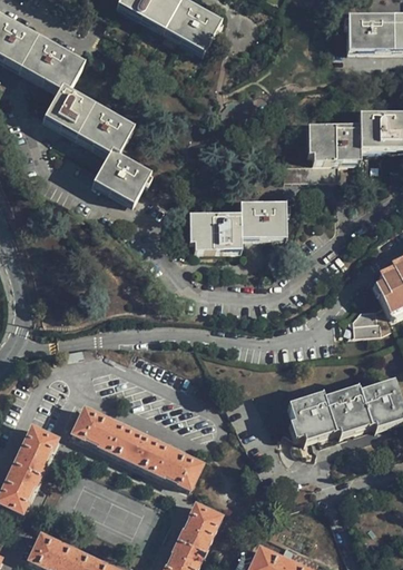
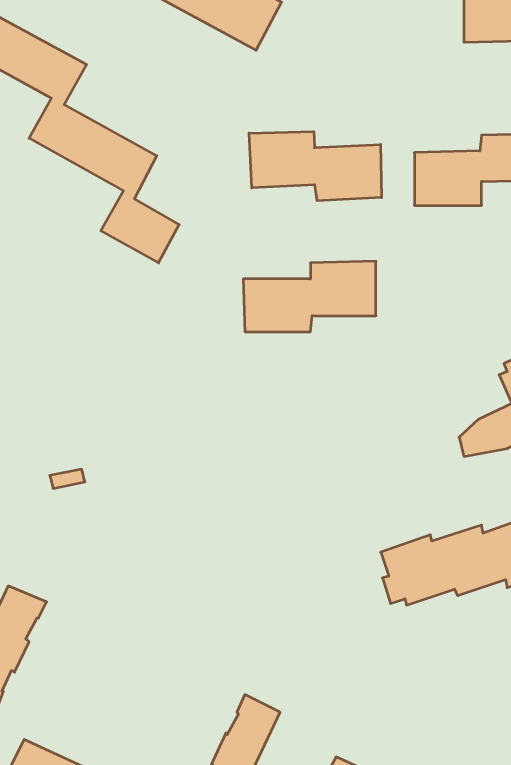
building: none -> [249,132,382,201]
building: [71,409,202,489] -> none

